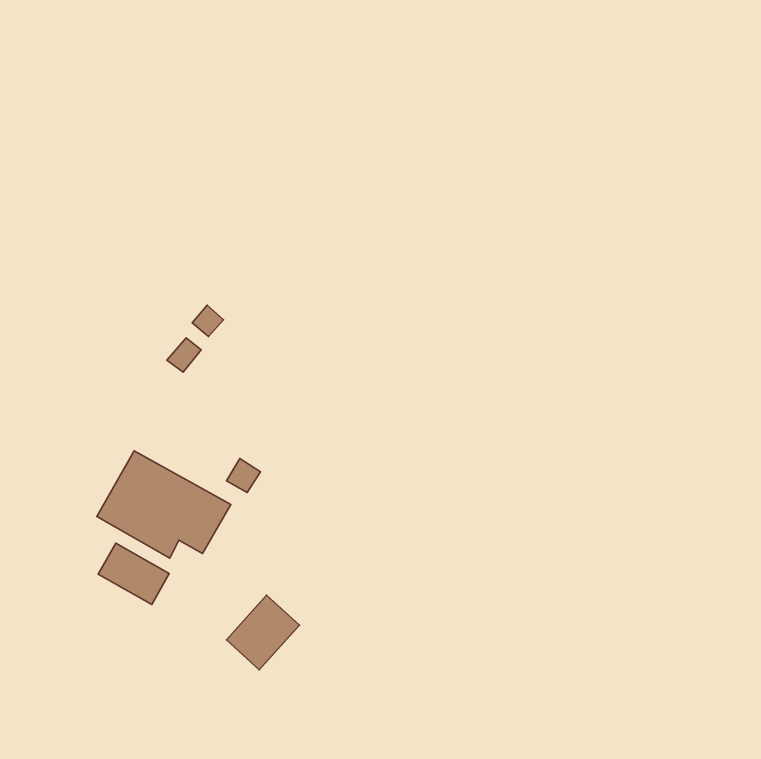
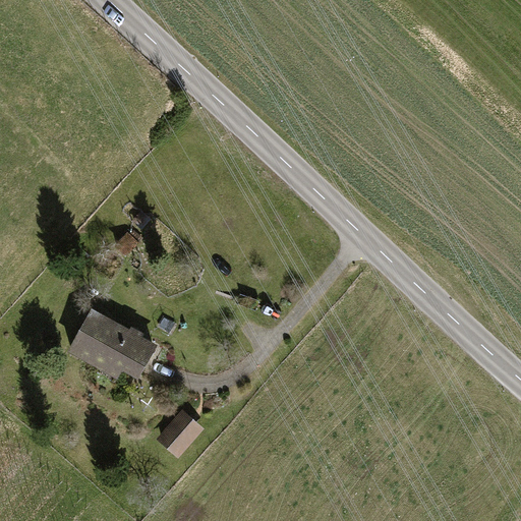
building: [98,543,169,604] -> none

